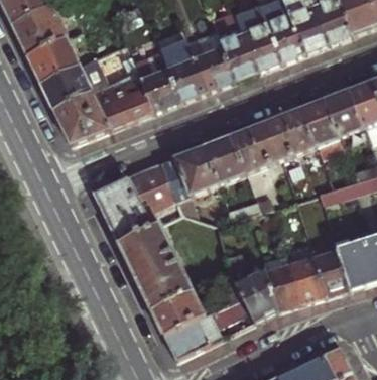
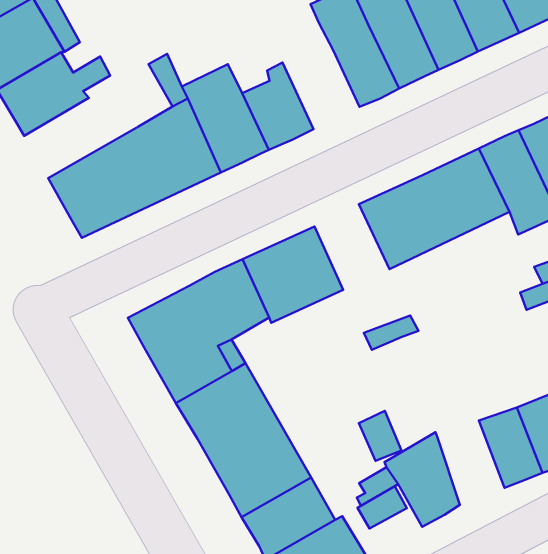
building: [187,30,234,91] -> none
building: [41,57,107,109] -> none
building: [204,135,245,183] -> none
building: [266,263,302,310] -> none

